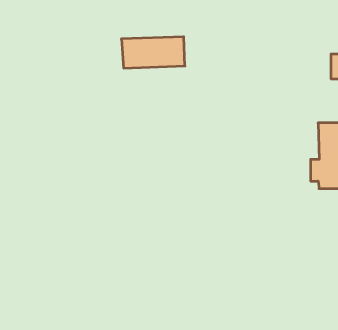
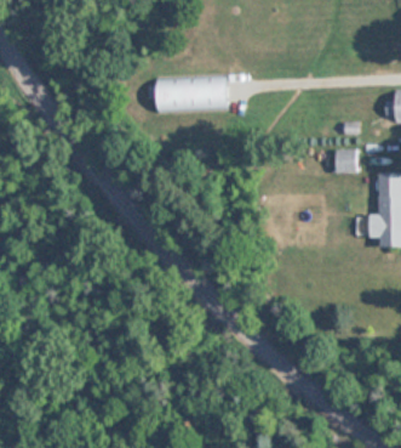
building: none -> [331,149,354,174]

